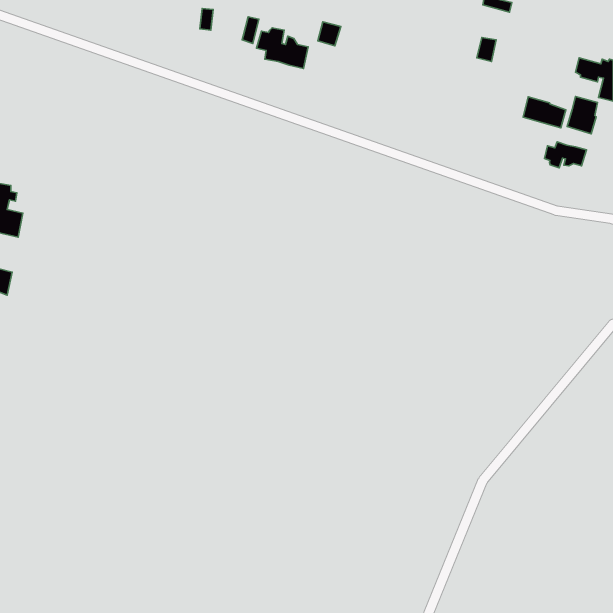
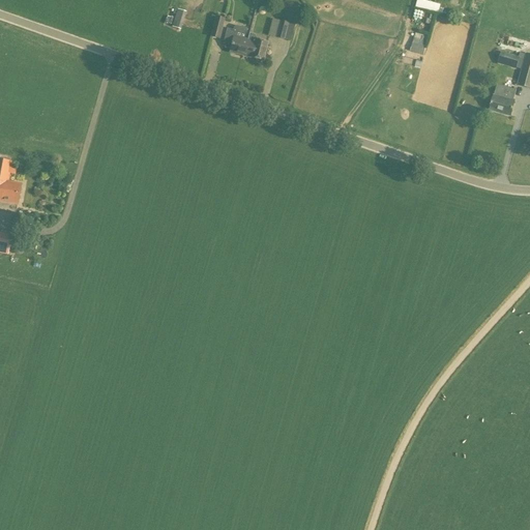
building: [523,97,566,128] -> none
building: [545,142,586,168] -> none

